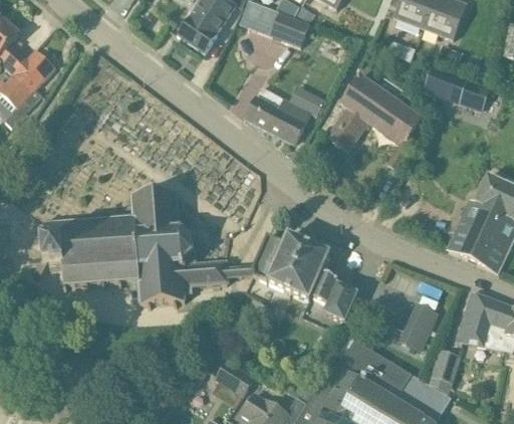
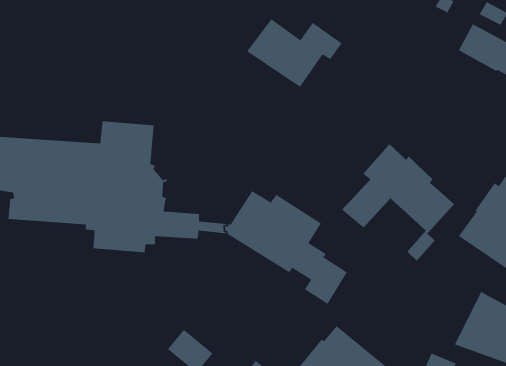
building: [327,75,423,172] -> [341,143,455,261]
building: [402,297,439,350] -> none

